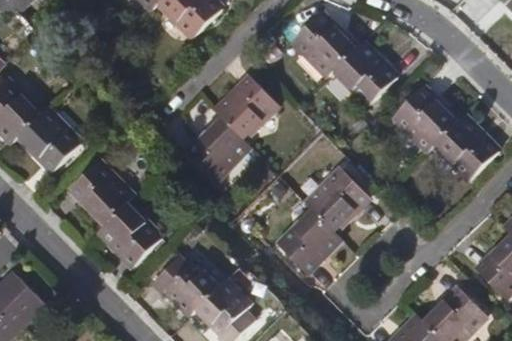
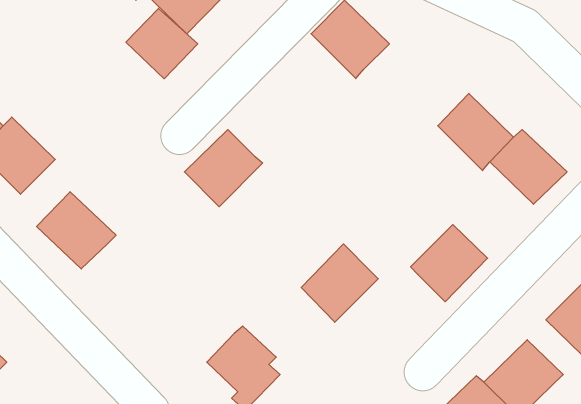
building: none -> [126,8,198,79]
building: [329,40,391,101] -> none
building: [214,75,276,137] -> none
building: [307,167,369,229] -> [411,225,488,302]
building: [96,207,157,268] -> none
building: [156,250,225,309] -> none

